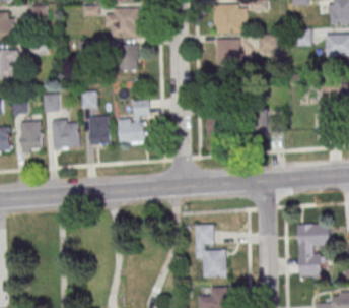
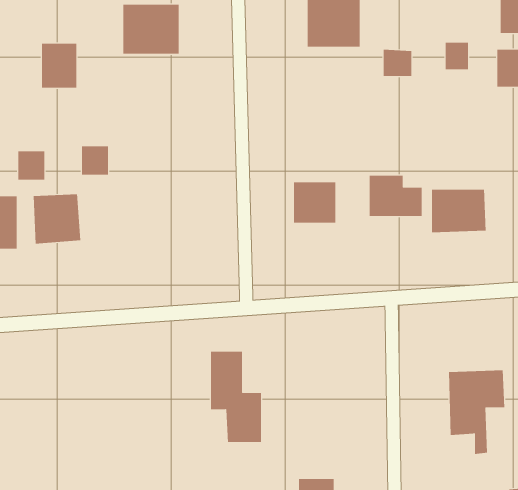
building: [215,39,241,65] -> none
building: [115,45,136,71] -> [41,43,77,88]
building: [118,100,149,143] -> none
building: [88,116,111,145] -> none
building: none -> [431,189,486,233]
building: [195,224,225,278] -> [210,351,262,442]

